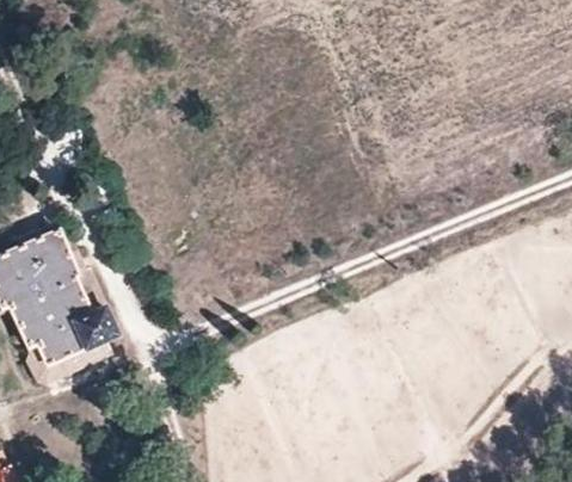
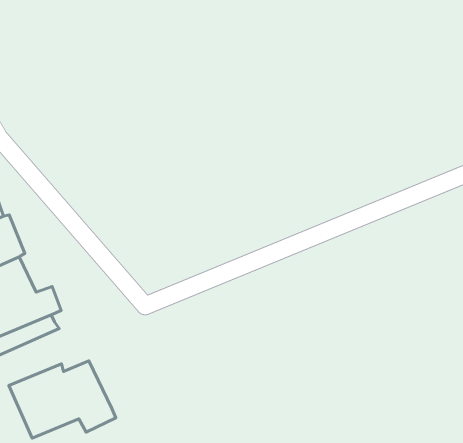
building: none -> [9,361,116,438]

